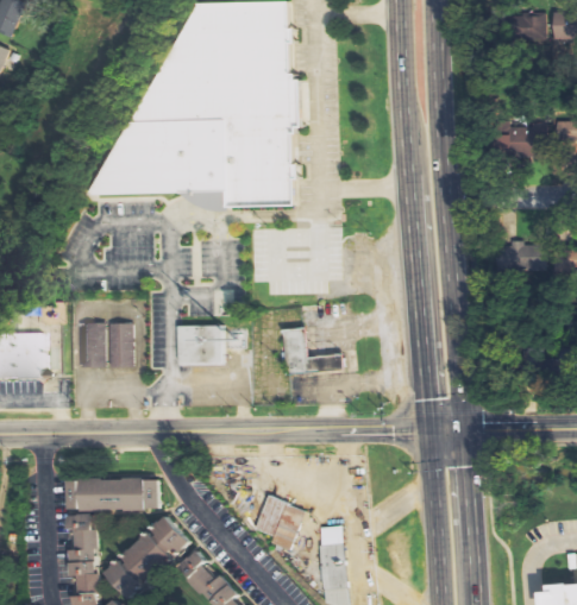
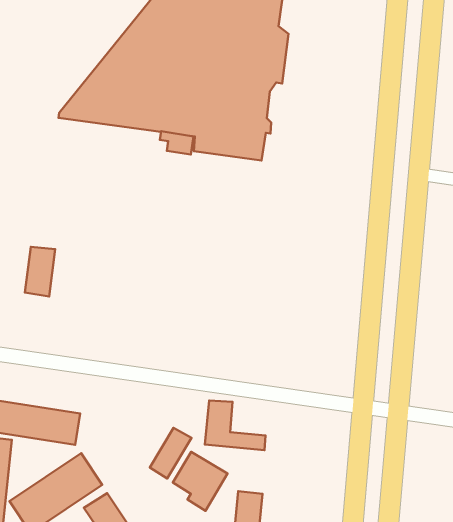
building: [111,323,134,368] -> none
building: [177,326,240,366] -> none
building: [283,328,344,373] -> [205,401,266,450]
building: none -> [150,428,191,479]

